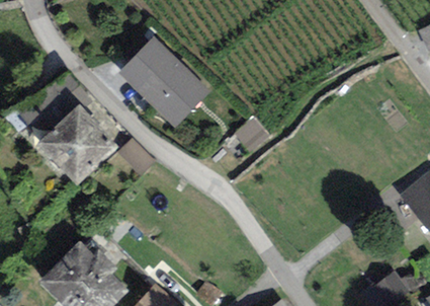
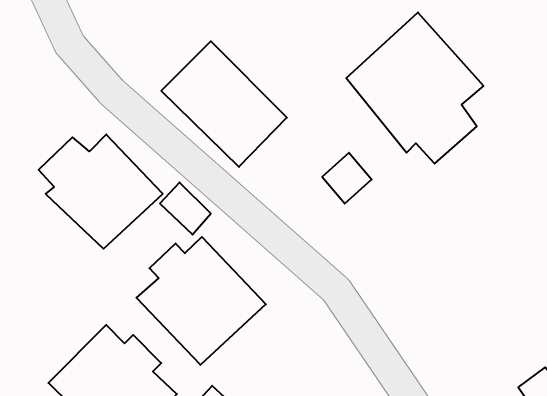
building: none -> [346,12,483,164]
building: none -> [136,237,266,365]

